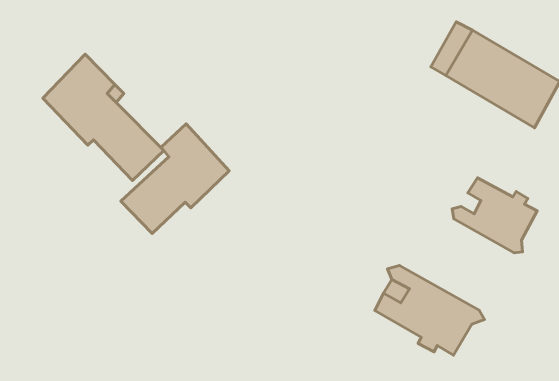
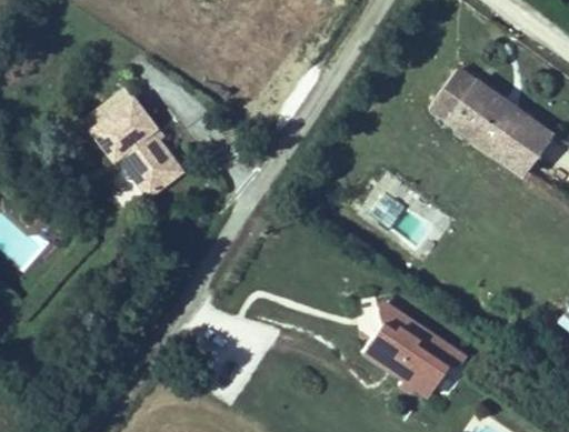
building: [121,124,229,234] -> none
building: [452,178,537,253] -> none

